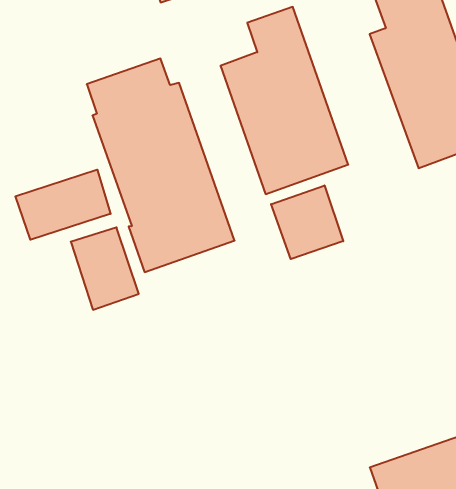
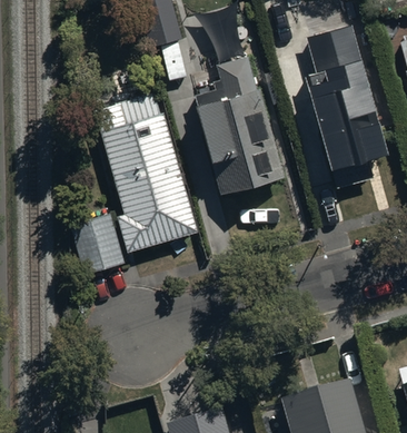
building: [15,170,111,240] -> none
building: [271,185,343,259] -> none

